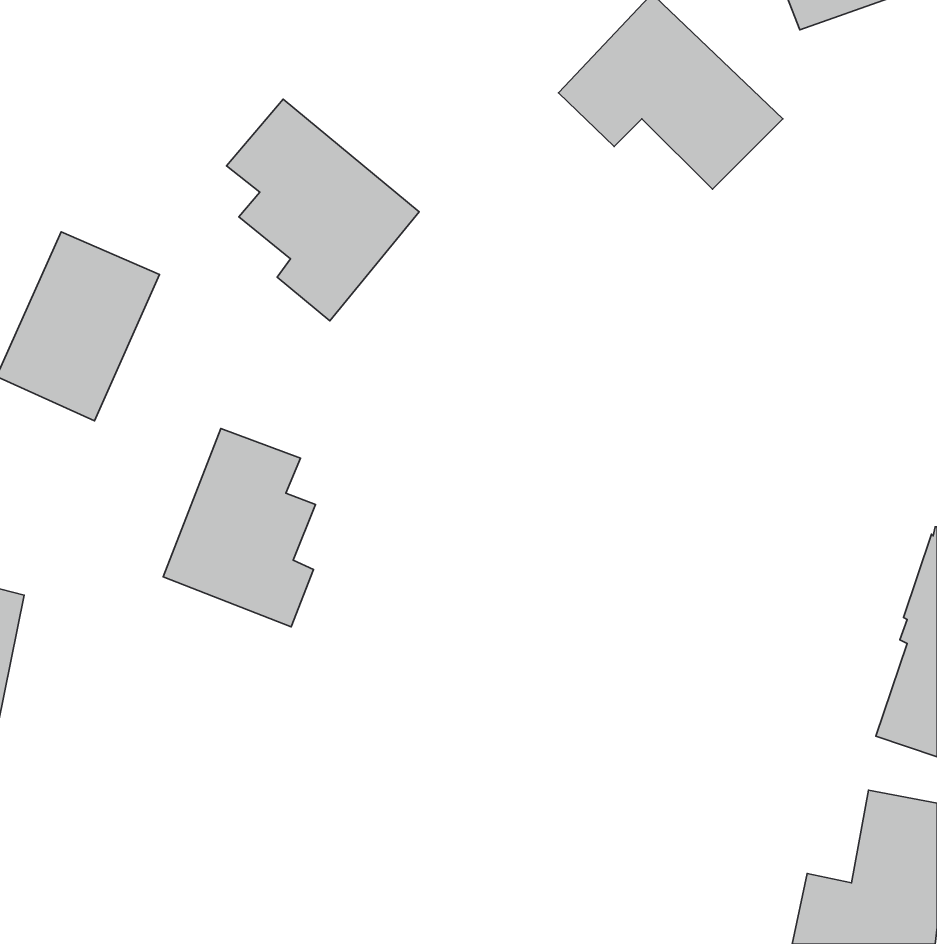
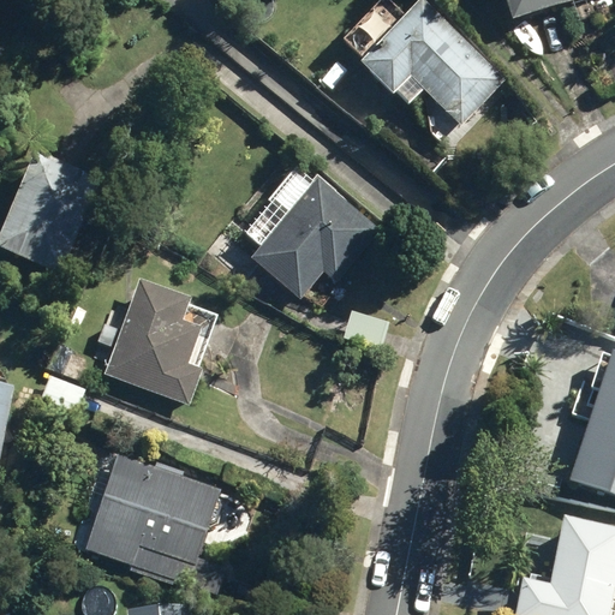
building: [226,99,419,321] -> none
building: none -> [250,178,381,301]
building: none -> [83,452,225,595]

